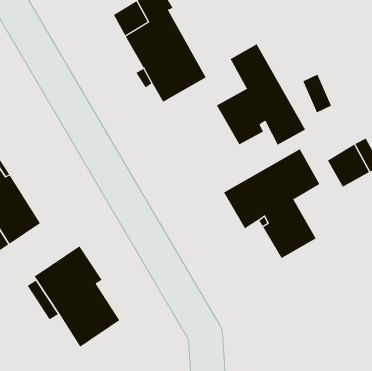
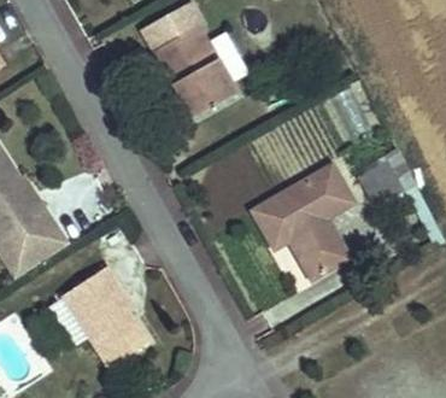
building: [216,43,306,145] -> none

